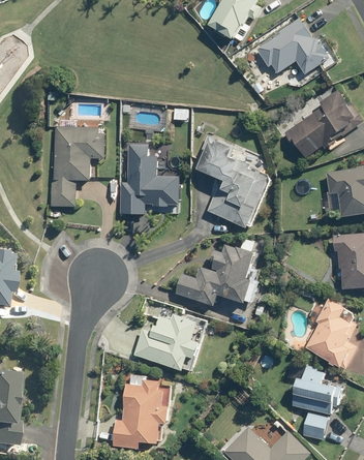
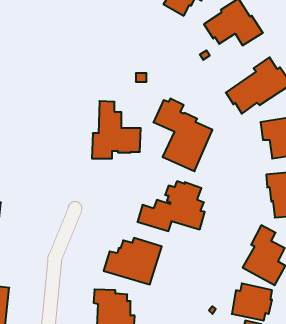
building: [50,127,102,207] -> none

